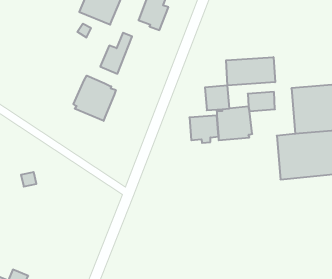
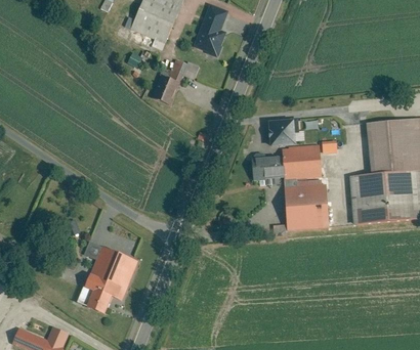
building: [226,57,275,86] -> none
building: [73,76,116,121] -> none
building: none -> [284,178,329,230]
building: none -> [83,244,137,313]

